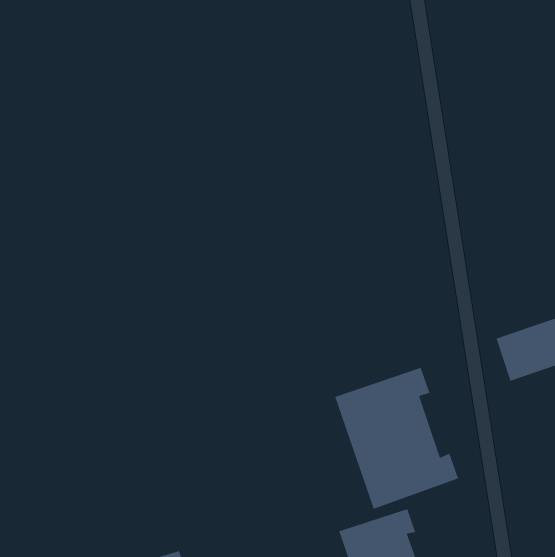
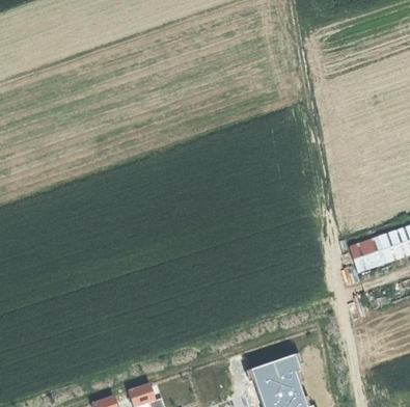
building: [334,367,459,510] -> none

